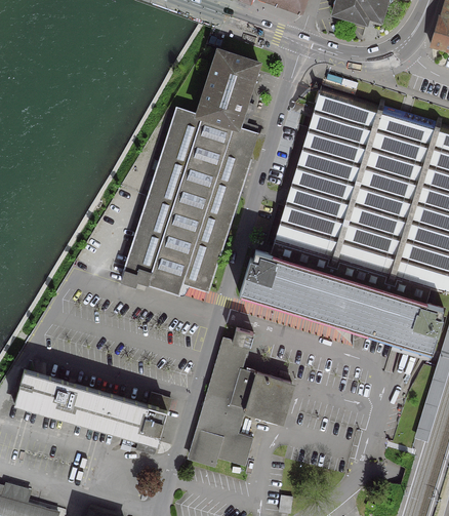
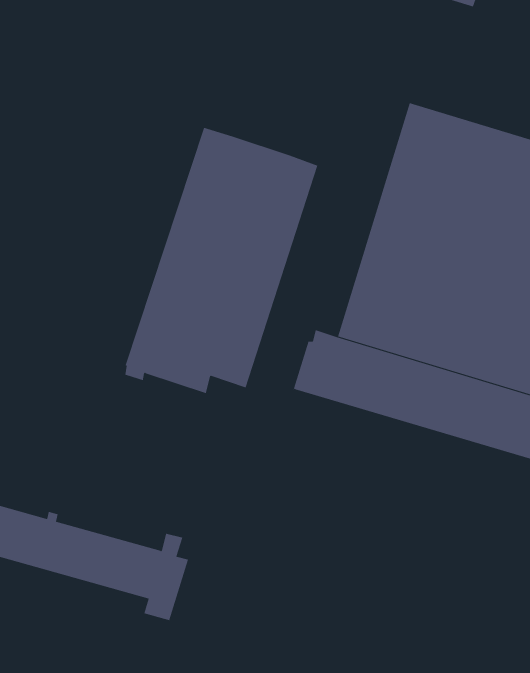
building: [197,51,257,128] -> none
building: [190,328,290,467] -> none

